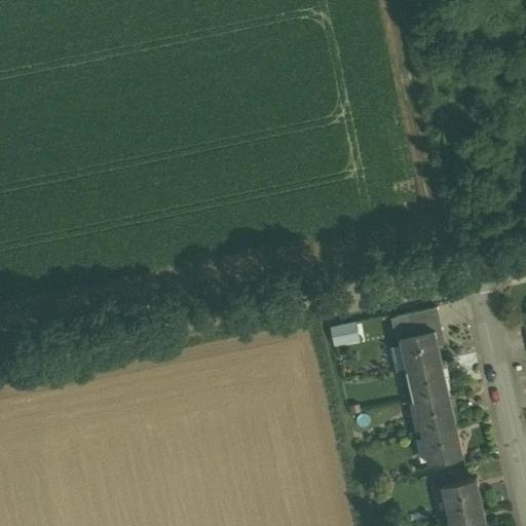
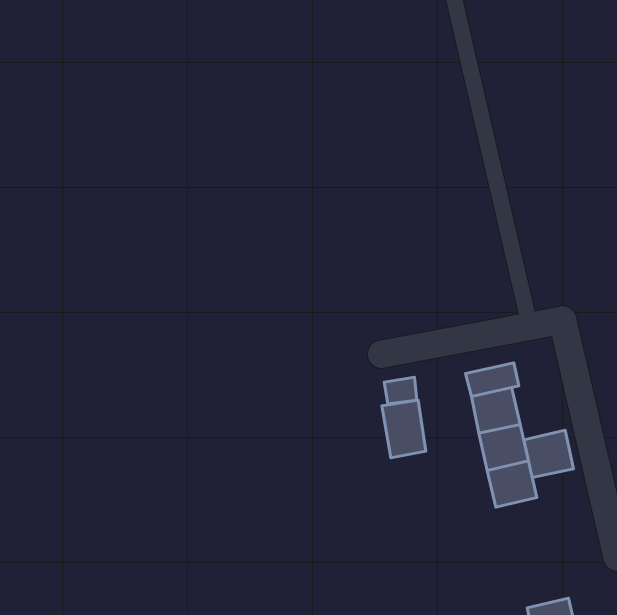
building: none -> [382,400,426,458]
building: [420,425,462,465] -> [524,430,574,477]
building: [440,480,482,519] -> none

